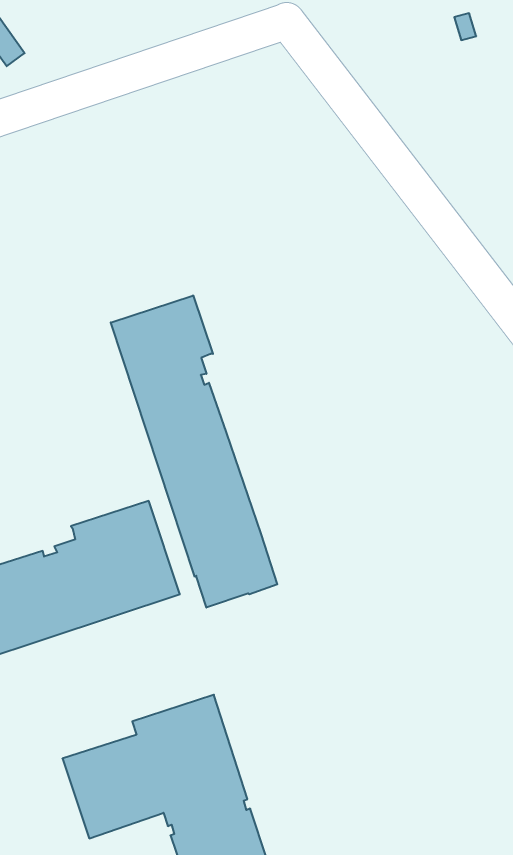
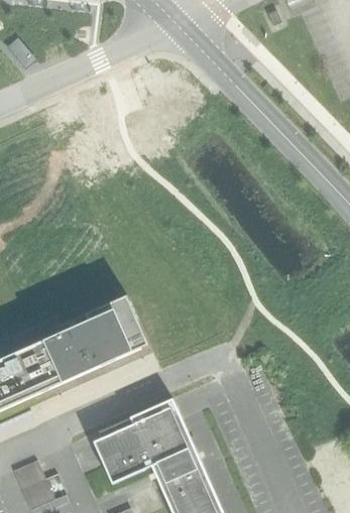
building: [111,295,277,608] -> none

